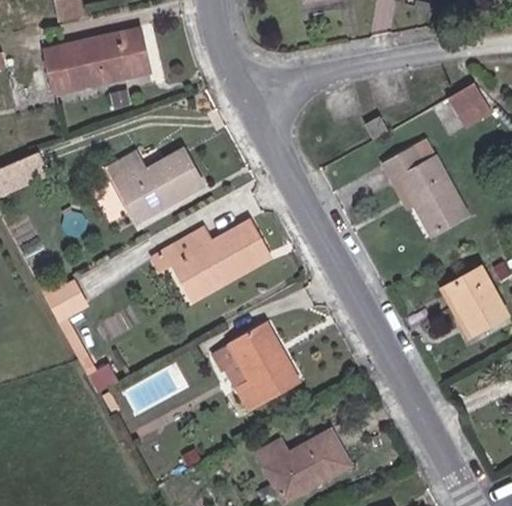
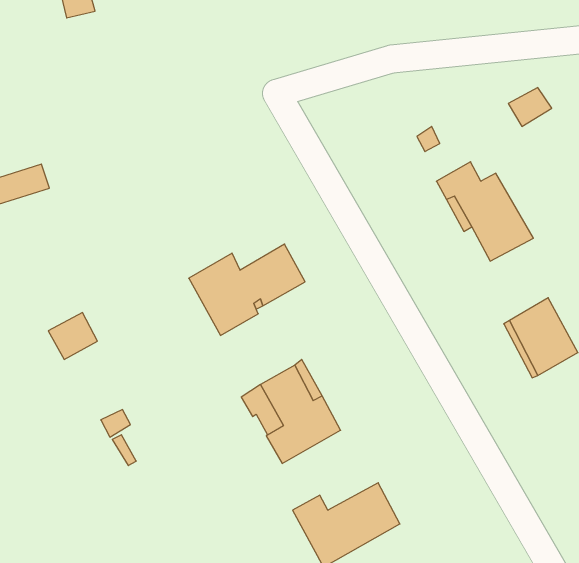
building: [45,29,149,93] -> none
building: [107,148,203,221] -> none

